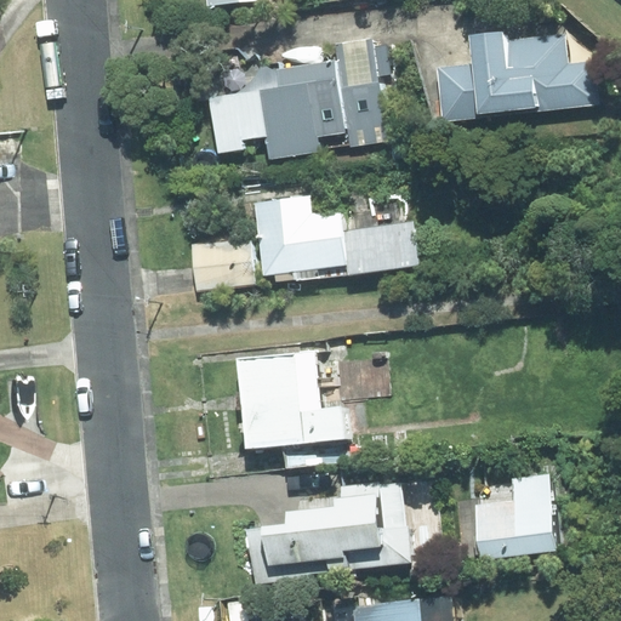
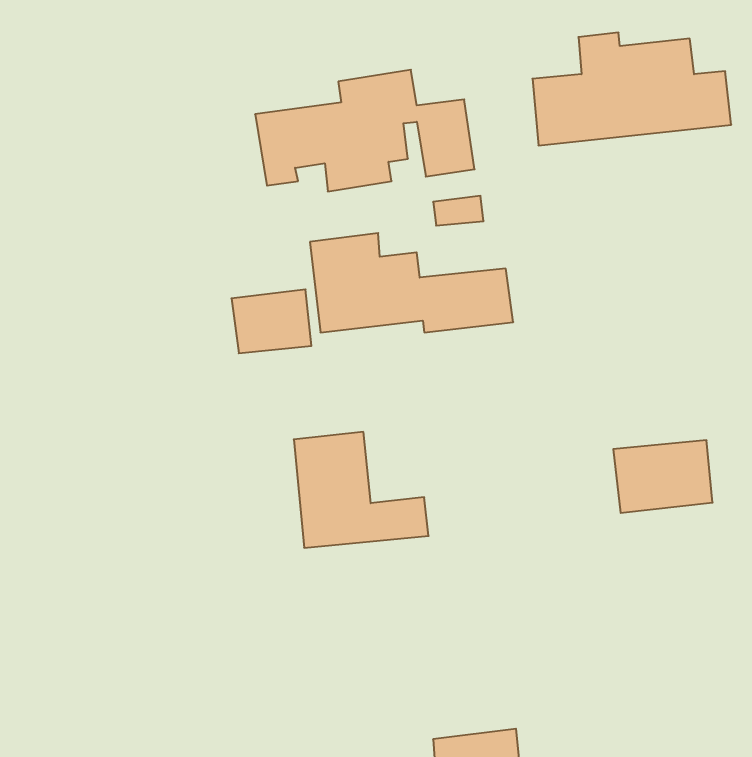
building: [250,491,414,585] -> none
building: [475,498,557,558] -> [613,440,713,513]

